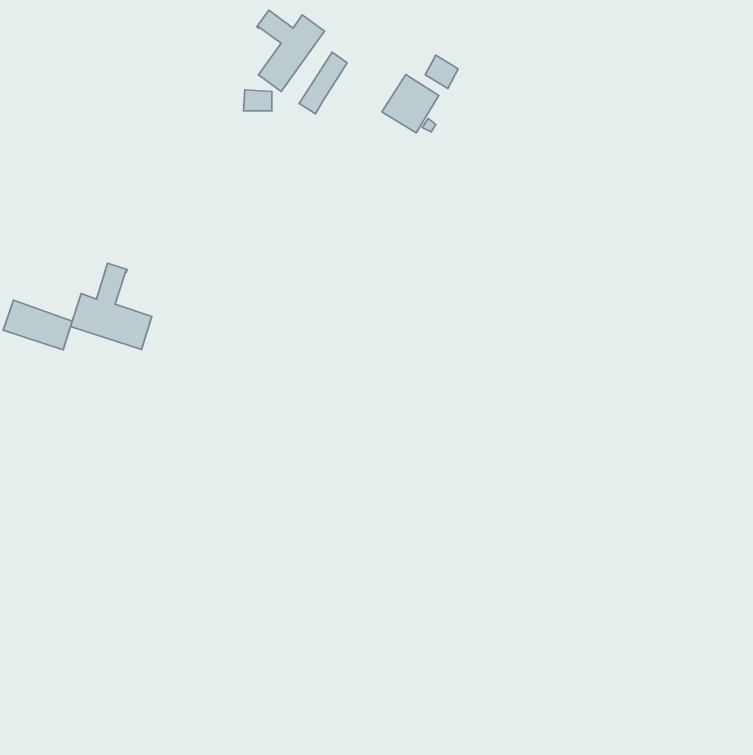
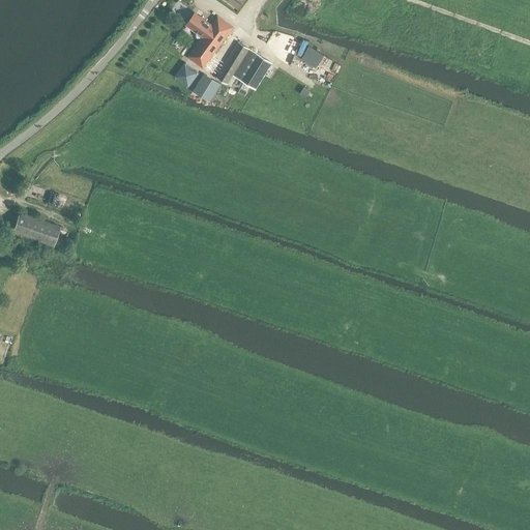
building: [382,74,439,133] -> [232,50,271,90]
building: none -> [194,73,220,101]
building: [70,263,152,350] -> none

